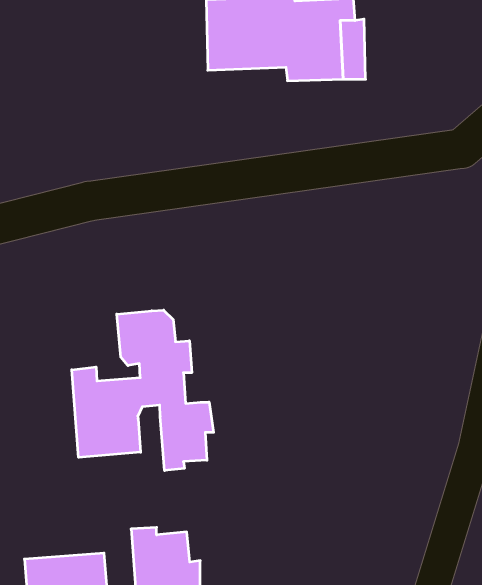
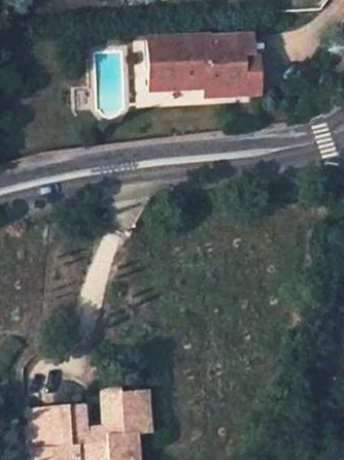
building: [72,310,214,471] -> none

